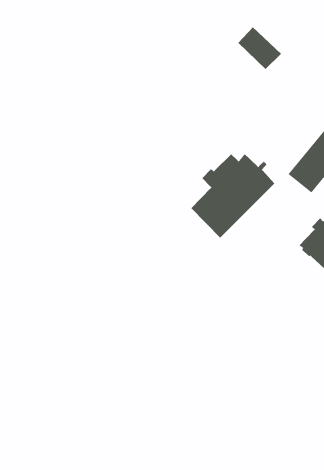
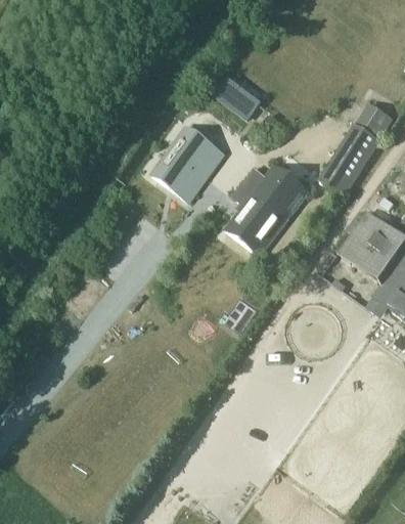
building: [238,27,282,70] -> [216,78,262,120]
building: none -> [153,127,222,199]

